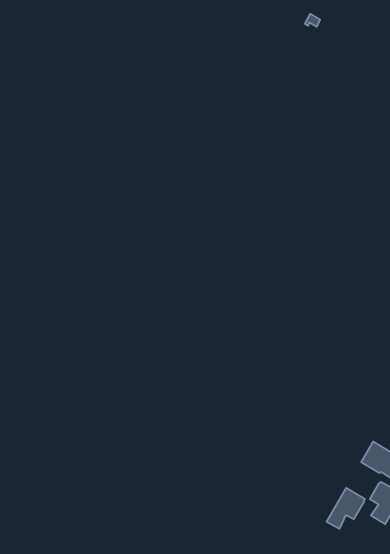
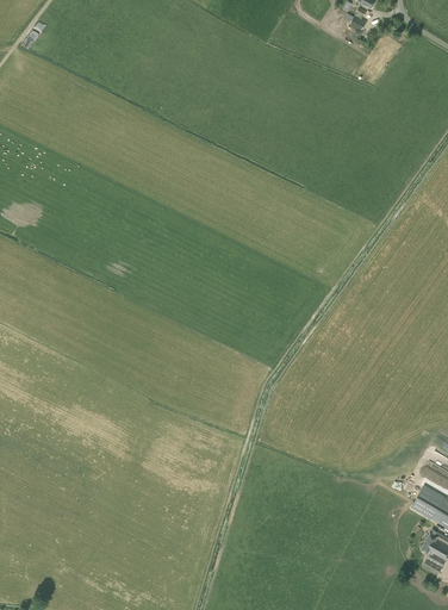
building: [327,488,365,529] -> none

